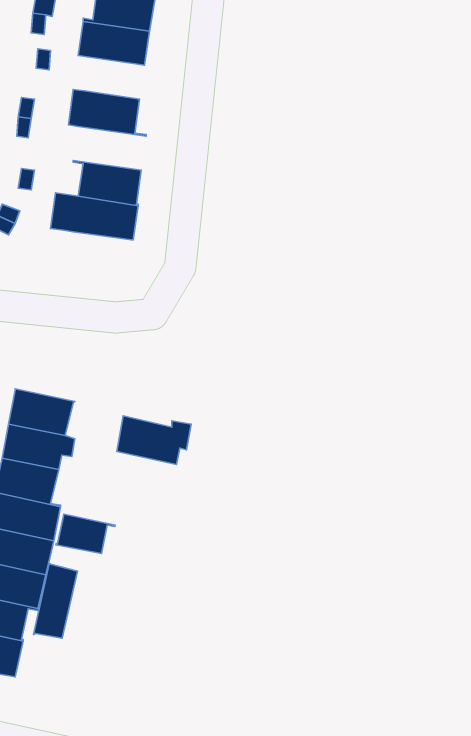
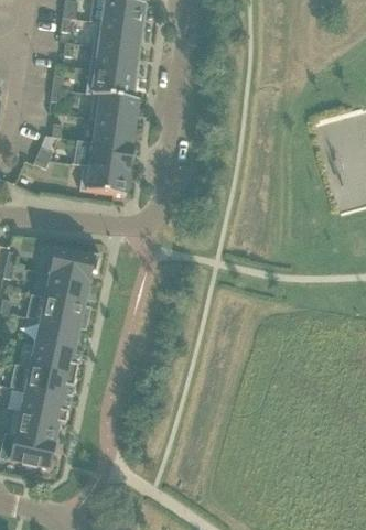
building: none -> [88,44,137,74]
building: none -> [88,93,138,122]
building: none -> [78,163,128,194]
building: [117,416,191,464] -> [49,247,99,280]
building: [56,514,115,554] -> none
building: [34,564,77,638] -> none

